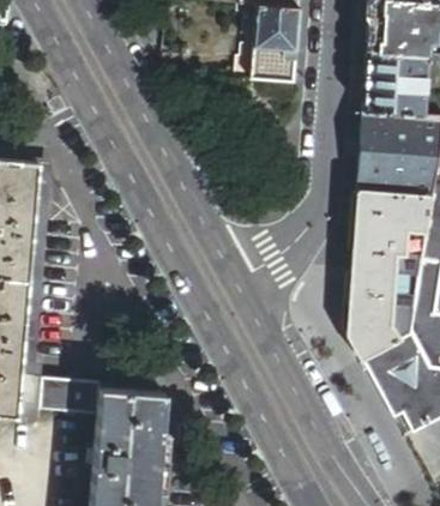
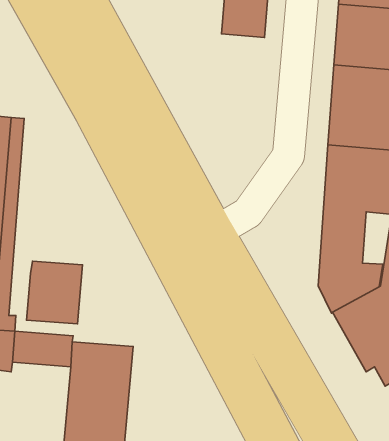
building: none -> [27,261,82,324]

